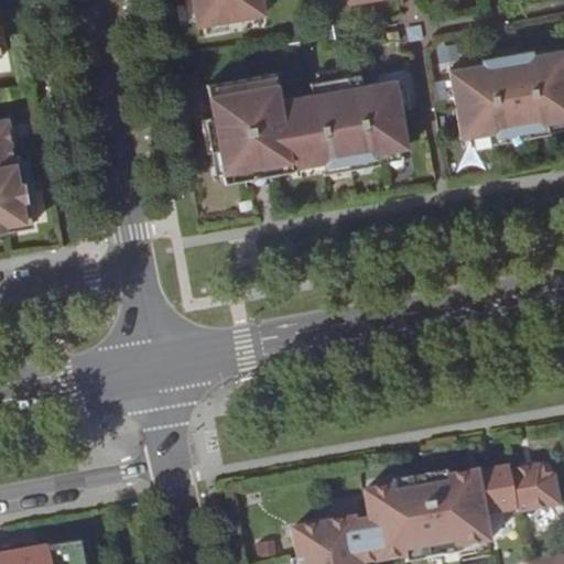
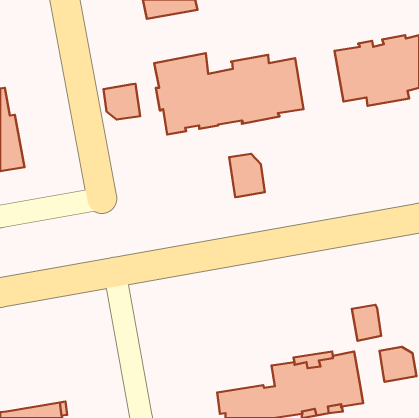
building: none -> [103,84,140,120]
building: none -> [229,154,265,197]
building: [476,467,516,516] -> [352,305,381,341]

